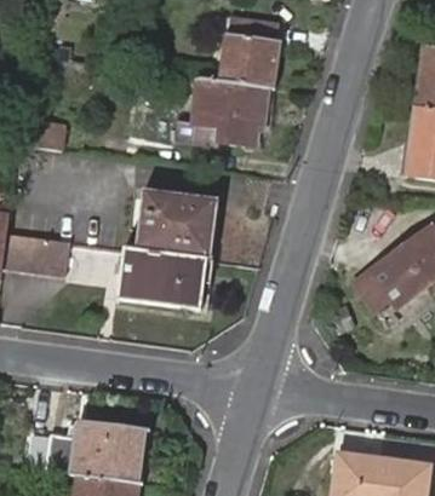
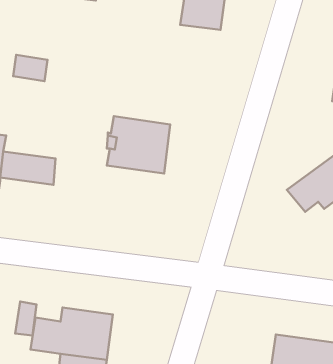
building: [194,76,274,144] -> none
building: [120,248,206,305] -> none

